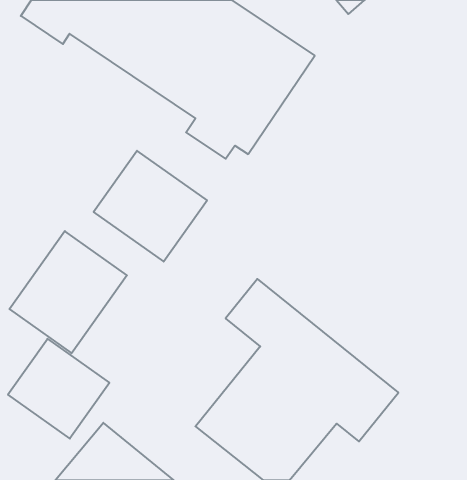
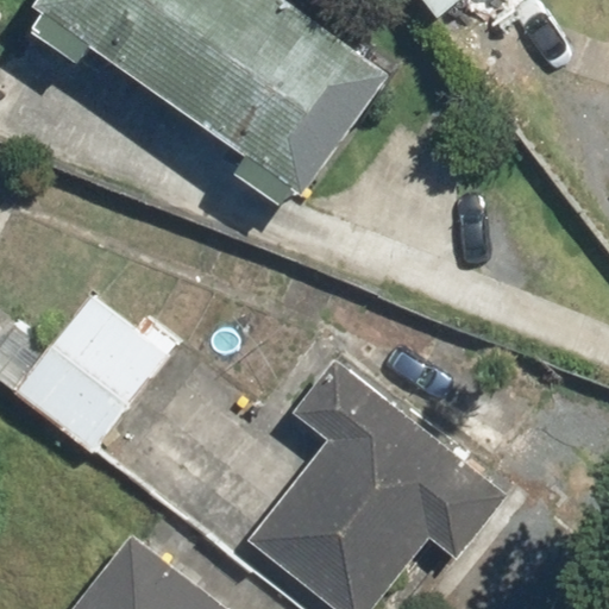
building: [94,151,207,262] -> none
building: [8,339,109,439] -> none

